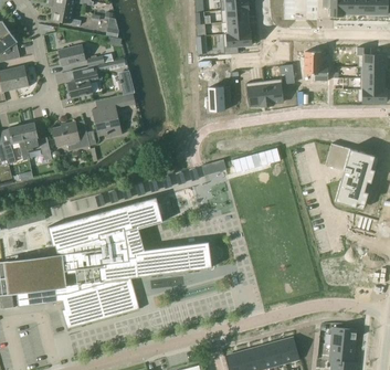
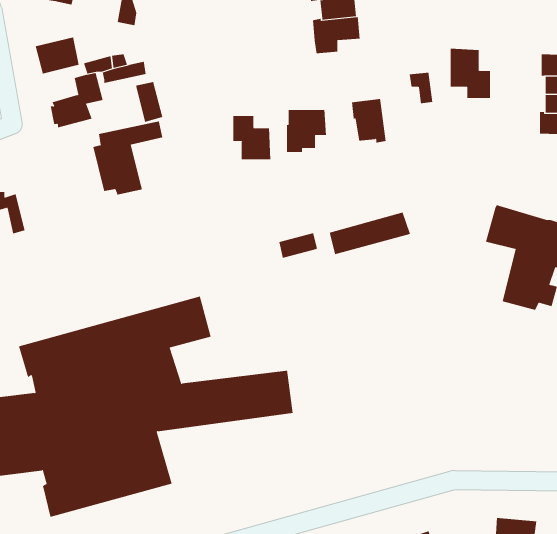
building: [263,78,283,106] -> none
building: none -> [233,115,271,160]
building: [53,123,89,151] -> none

